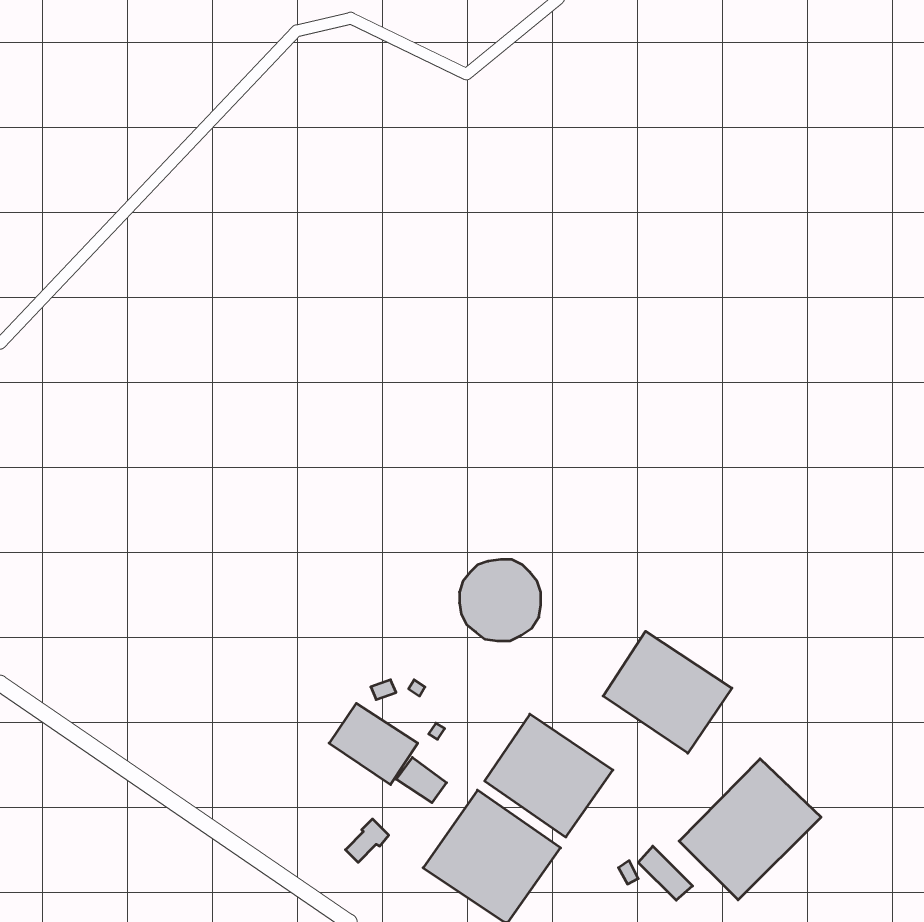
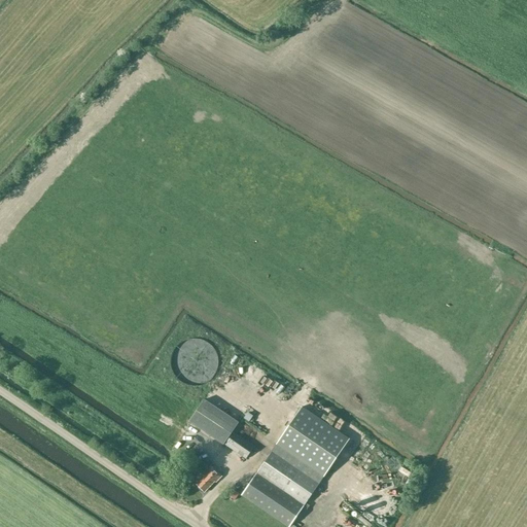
building: [459,559,541,641] -> [172,338,218,384]
building: [603,631,732,753] -> none
building: [679,759,821,900] -> none

